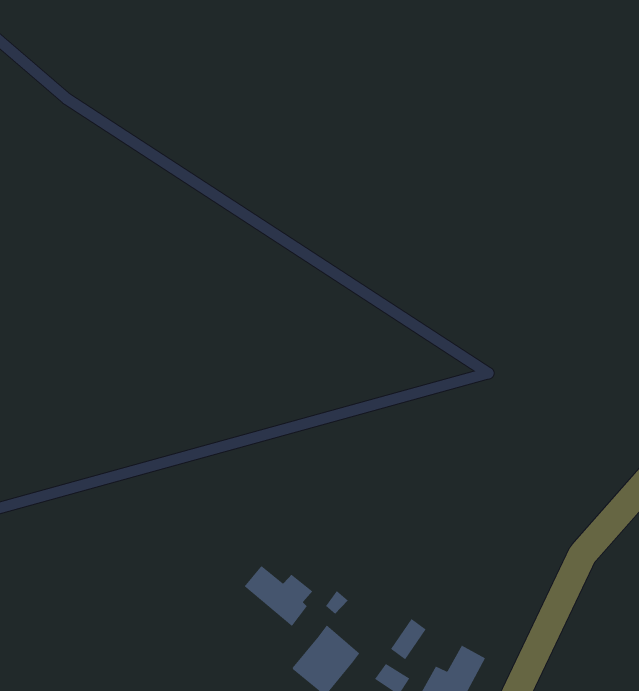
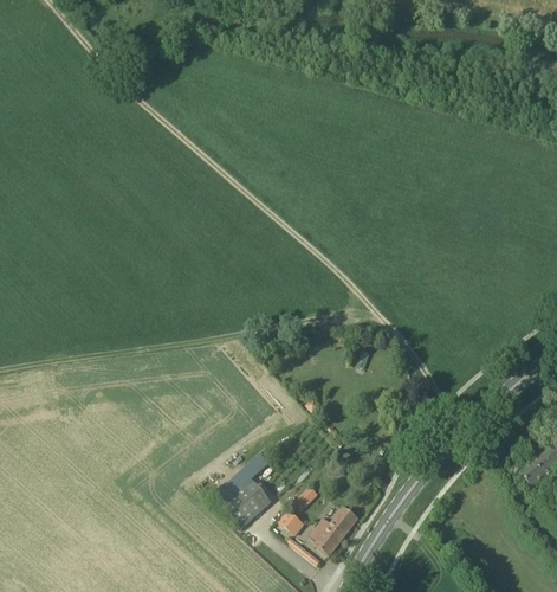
building: [244,565,313,627] -> none

